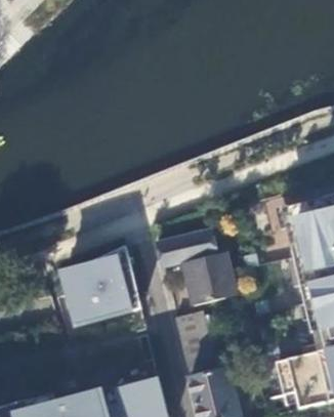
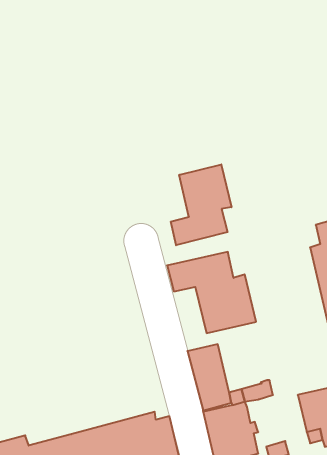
building: none -> [171,164,231,245]
building: [62,246,140,324] -> none

